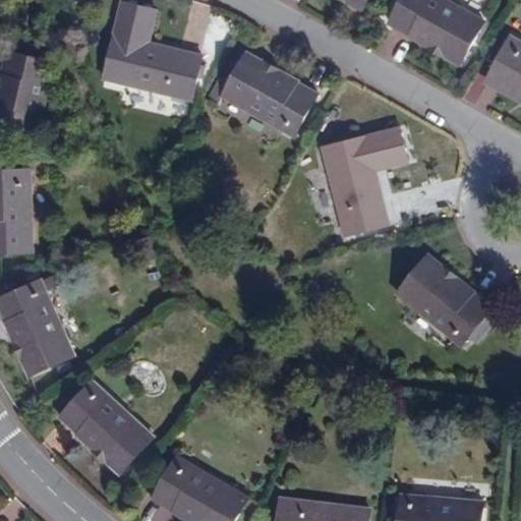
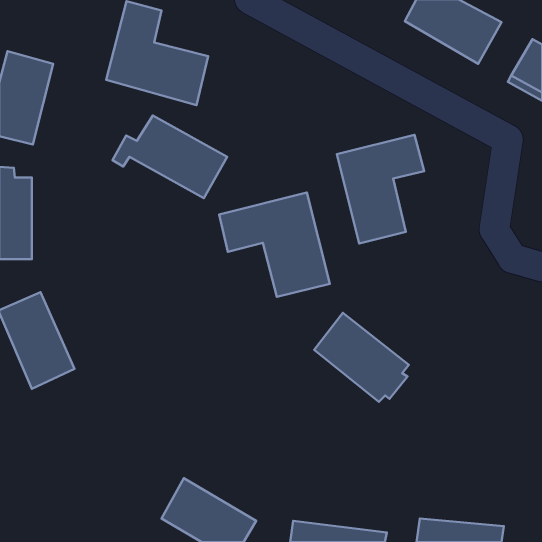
building: [207,55,316,134] -> [112,115,227,198]
building: none -> [219,192,330,297]
building: [399,256,489,342] -> [314,313,409,402]
building: [61,383,150,471] -> none

